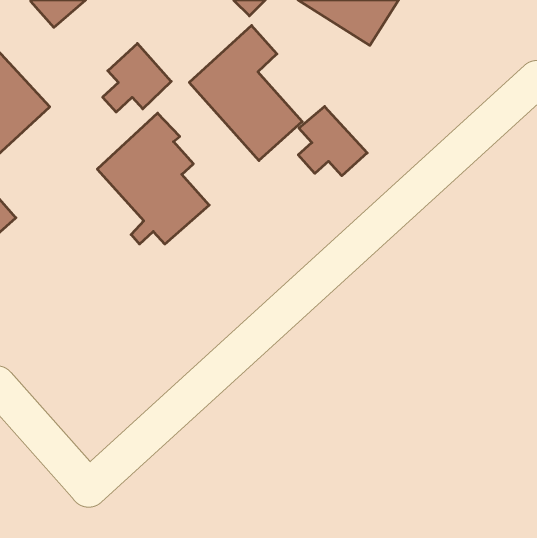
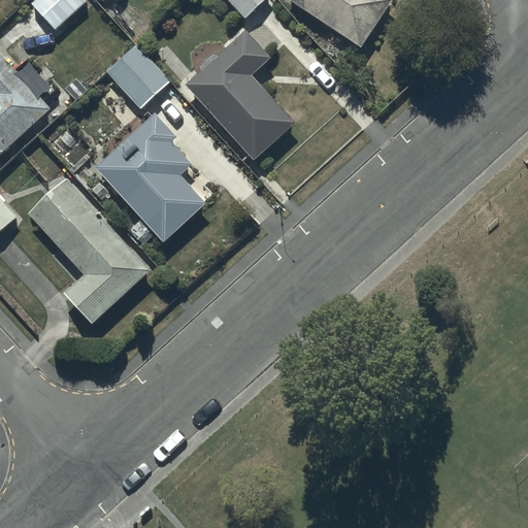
building: [298,106,367,176] -> none
building: none -> [28,176,150,322]

